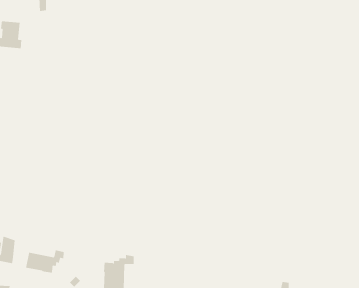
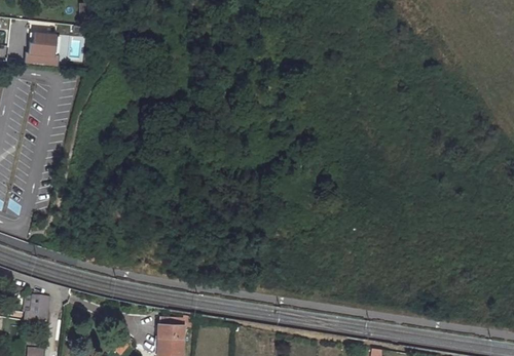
building: [26,250,64,274] -> none

